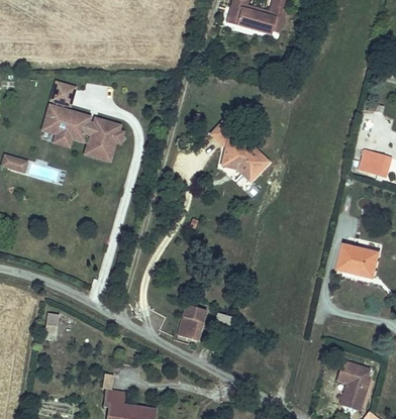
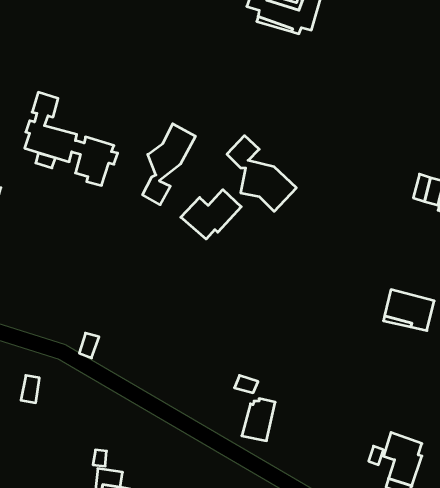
building: none -> [143,124,195,205]
building: none -> [181,190,241,239]
building: [177,305,204,339] -> [242,399,275,441]

